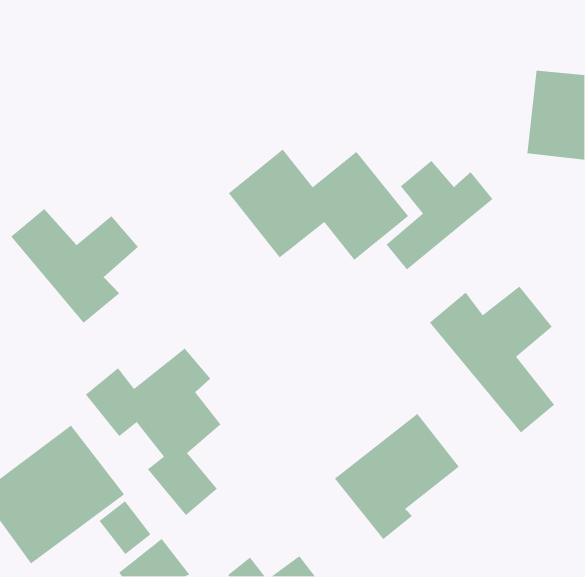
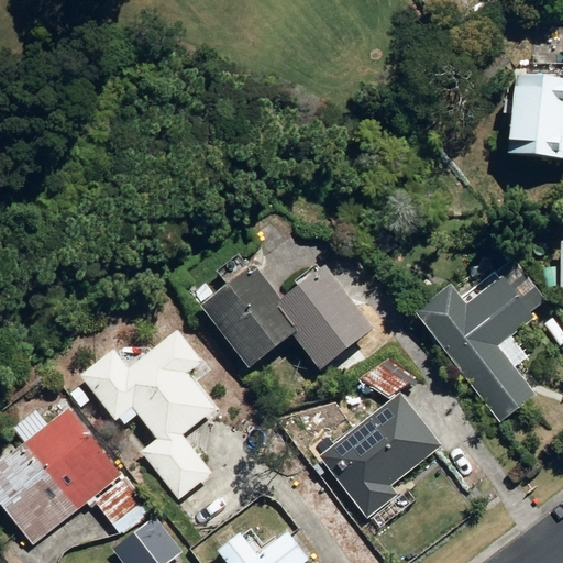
building: [228,148,409,261] -> [201,267,375,375]
building: [386,160,493,271] -> none
building: [10,208,139,324] -> none

